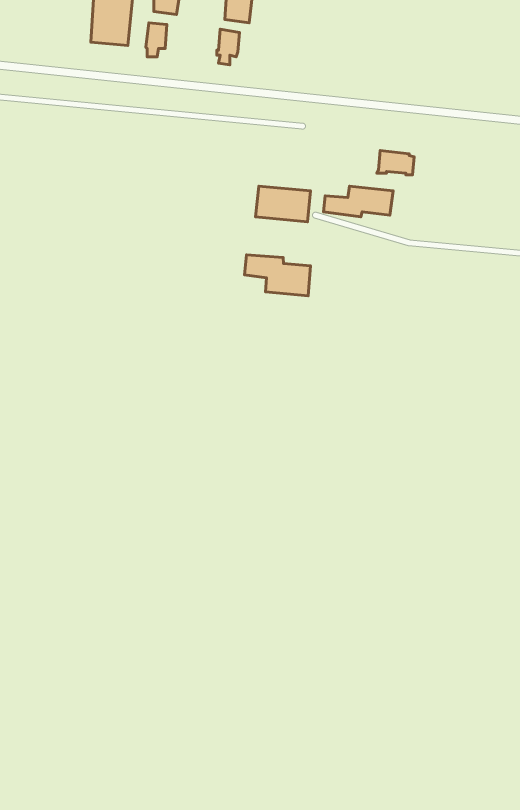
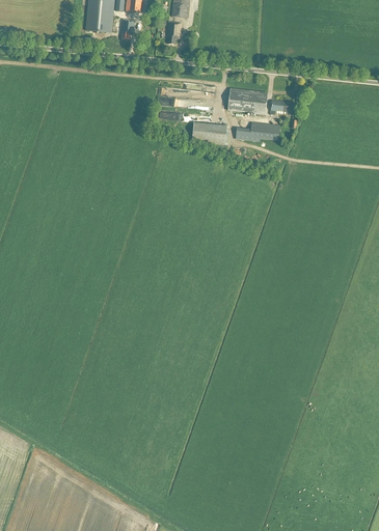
building: none -> [228,87,267,113]
building: [244,255,310,296] -> none

